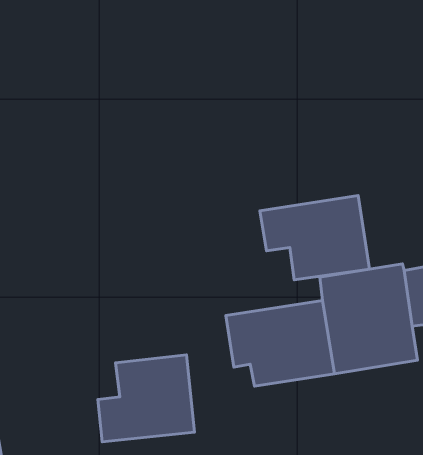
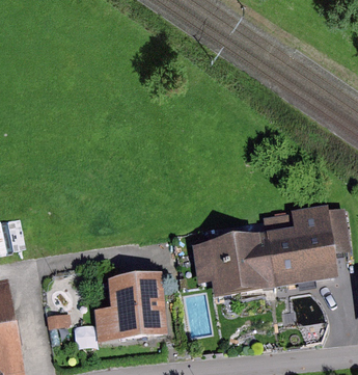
building: [260,196,369,280] -> none

